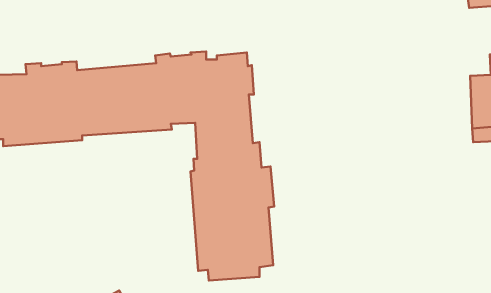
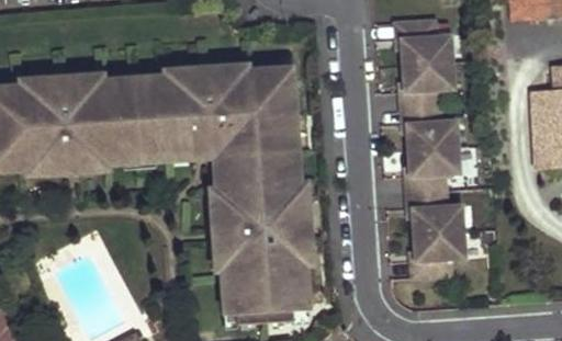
building: none -> [398,22,462,280]

